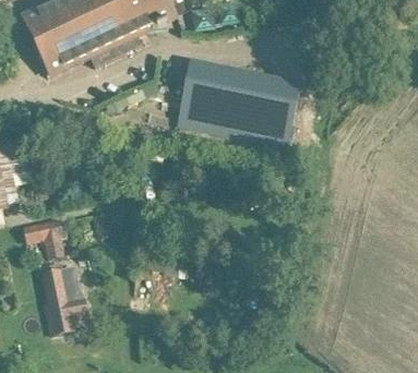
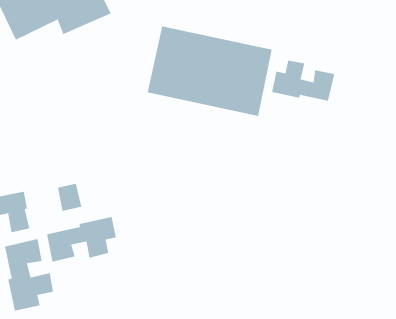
building: none -> [271,60,335,102]
building: none -> [46,216,117,262]

